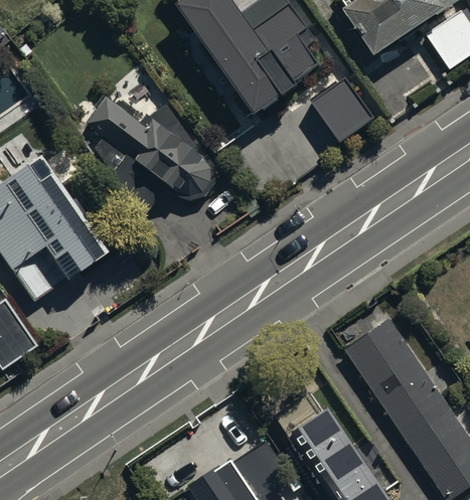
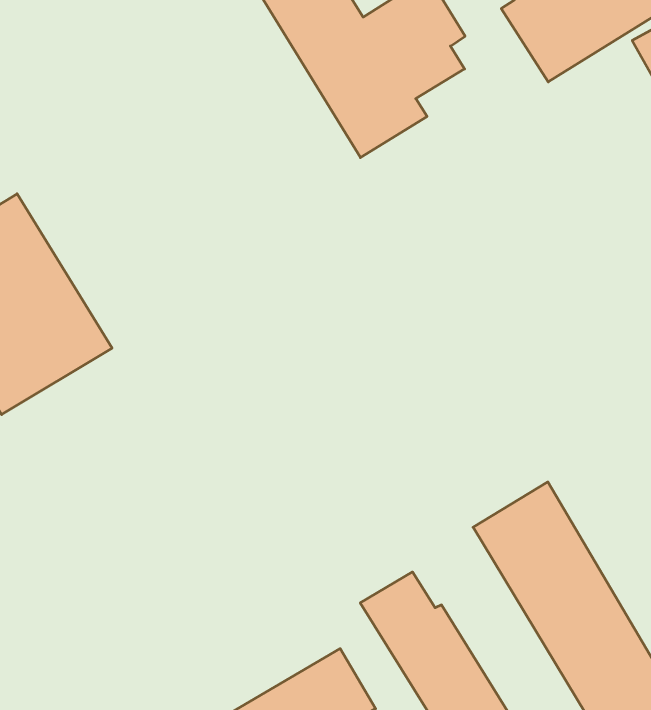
building: [308,73,371,138] -> none
building: [86,98,217,212] -> none

